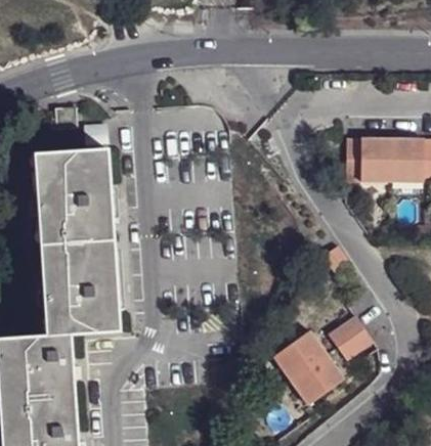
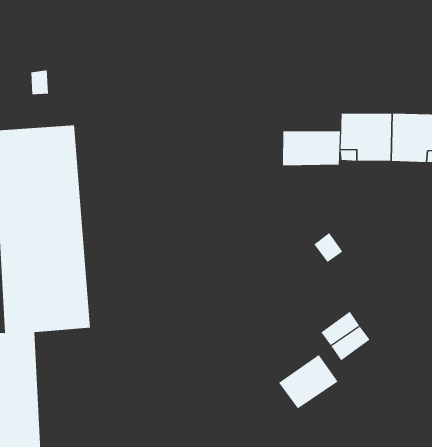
building: none -> [283,131,340,166]
building: [272,329,327,380] -> none

